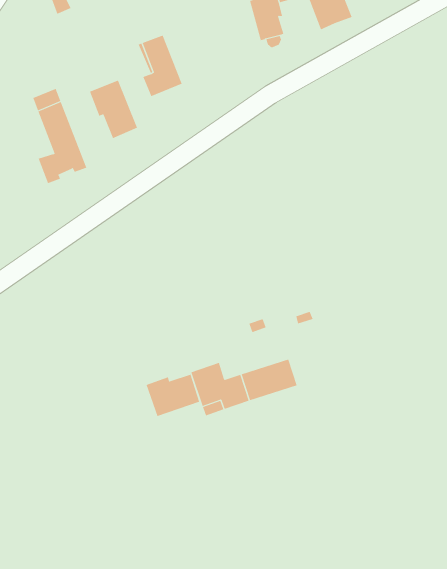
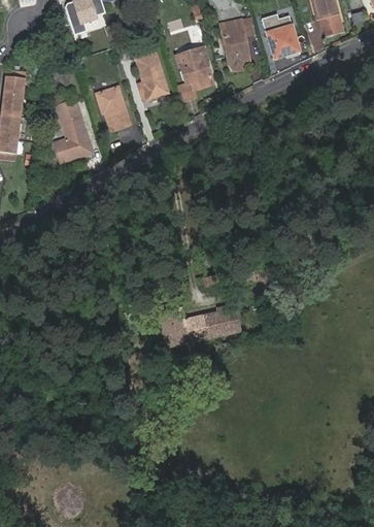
building: none -> [177,47,213,90]
building: [146,374,200,417] -> none

